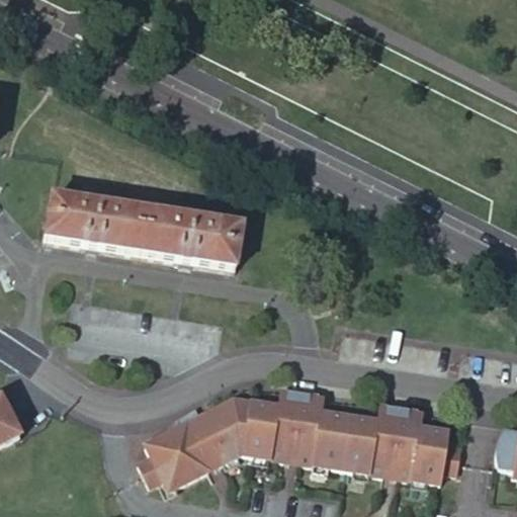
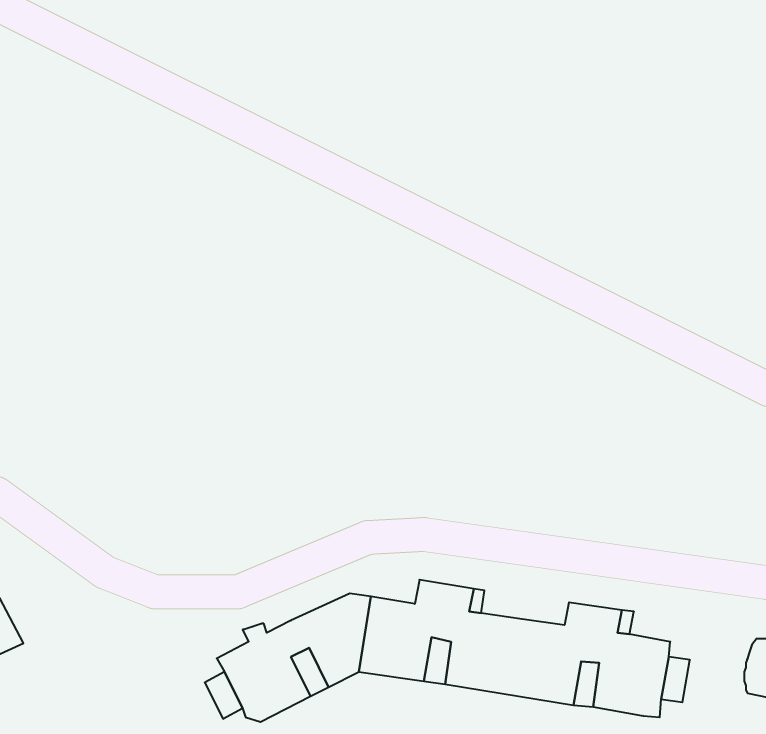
building: [46,193,242,265] -> none

